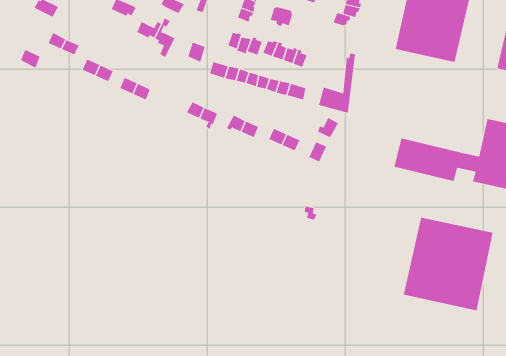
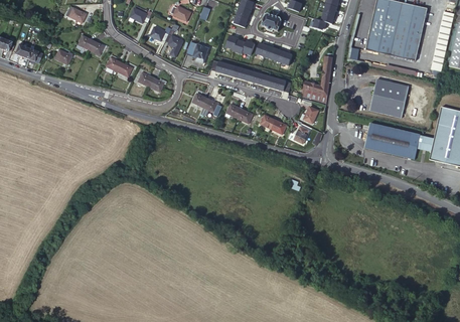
building: none -> [369,78,408,117]
building: [403,217,493,311] -> none

